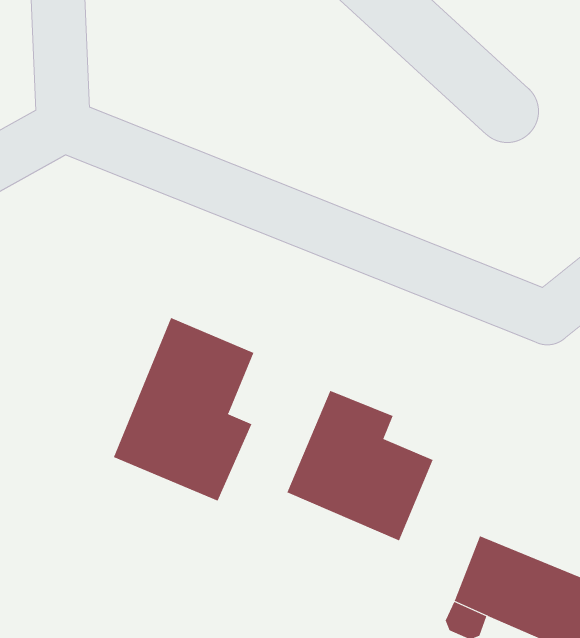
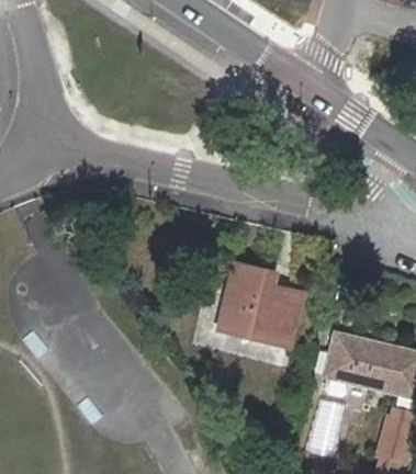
building: [113,317,254,502] -> none

